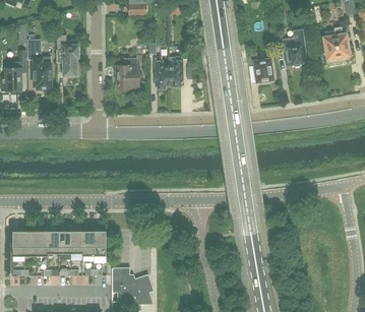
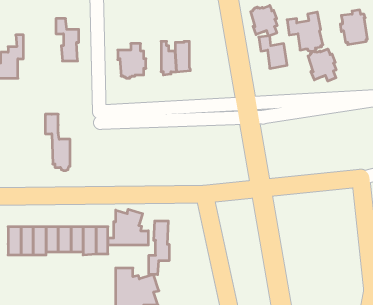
building: none -> [251,5,277,36]
building: [26,39,50,91] -> [45,114,70,171]
building: none -> [308,49,336,81]
building: none -> [108,209,148,245]
building: none -> [149,221,169,275]

